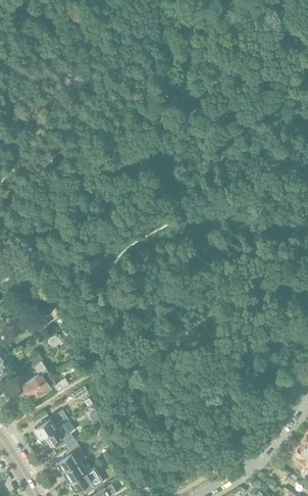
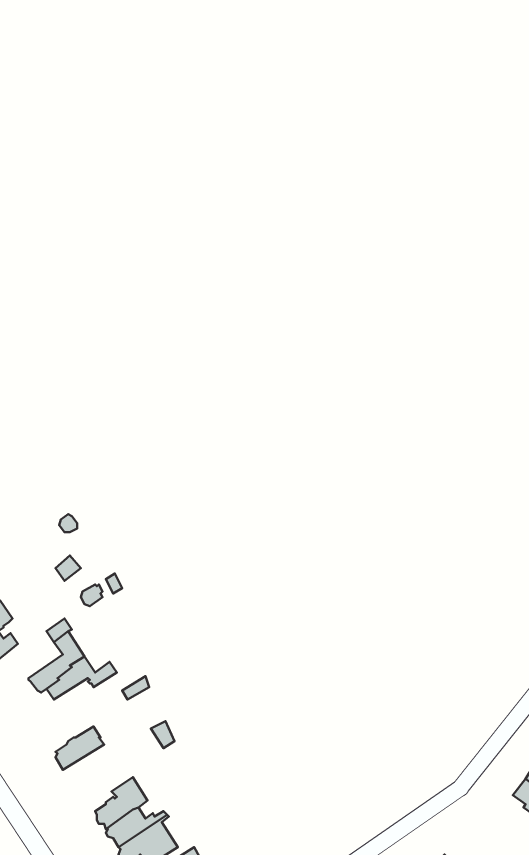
building: [40,424,72,448] -> none

